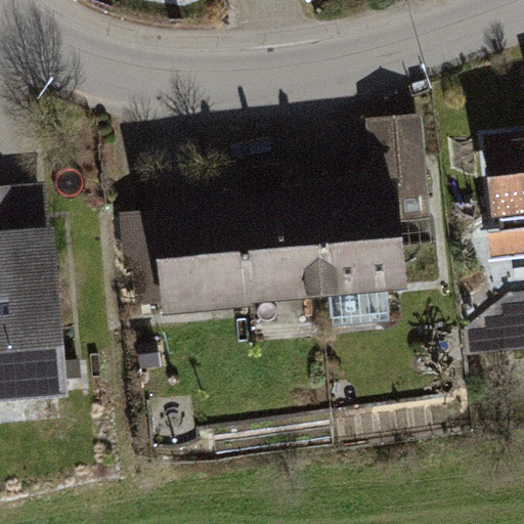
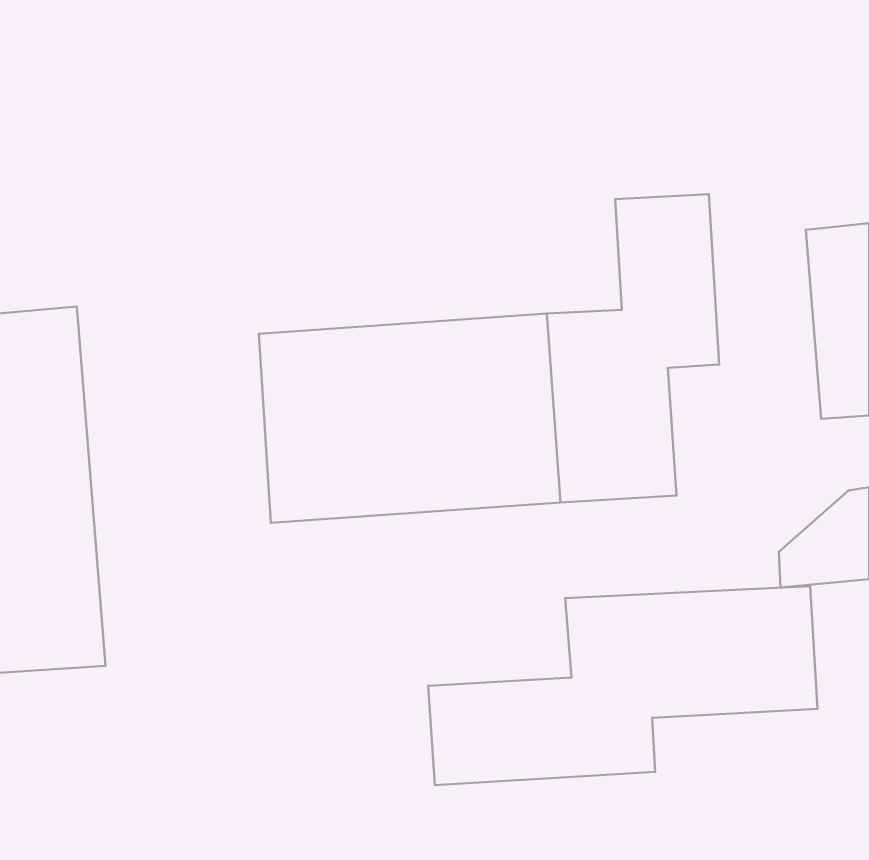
building: none -> [428,586,818,785]

